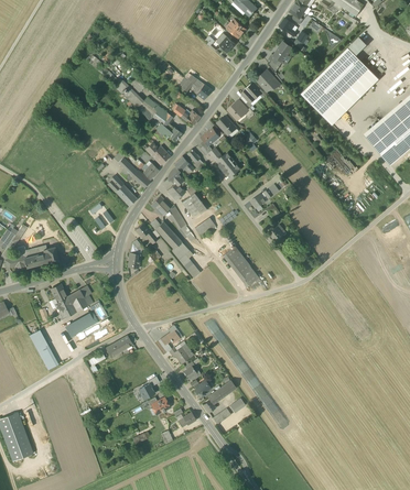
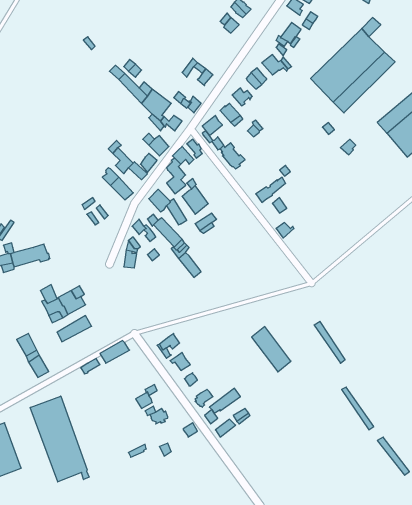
building: [223,246,259,287] -> [252,327,291,372]
building: none -> [30,396,89,482]

